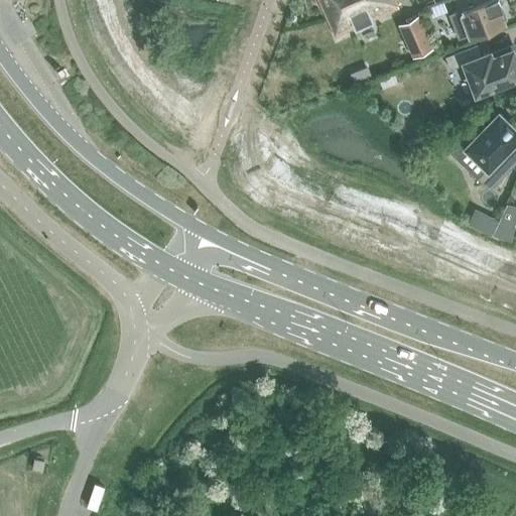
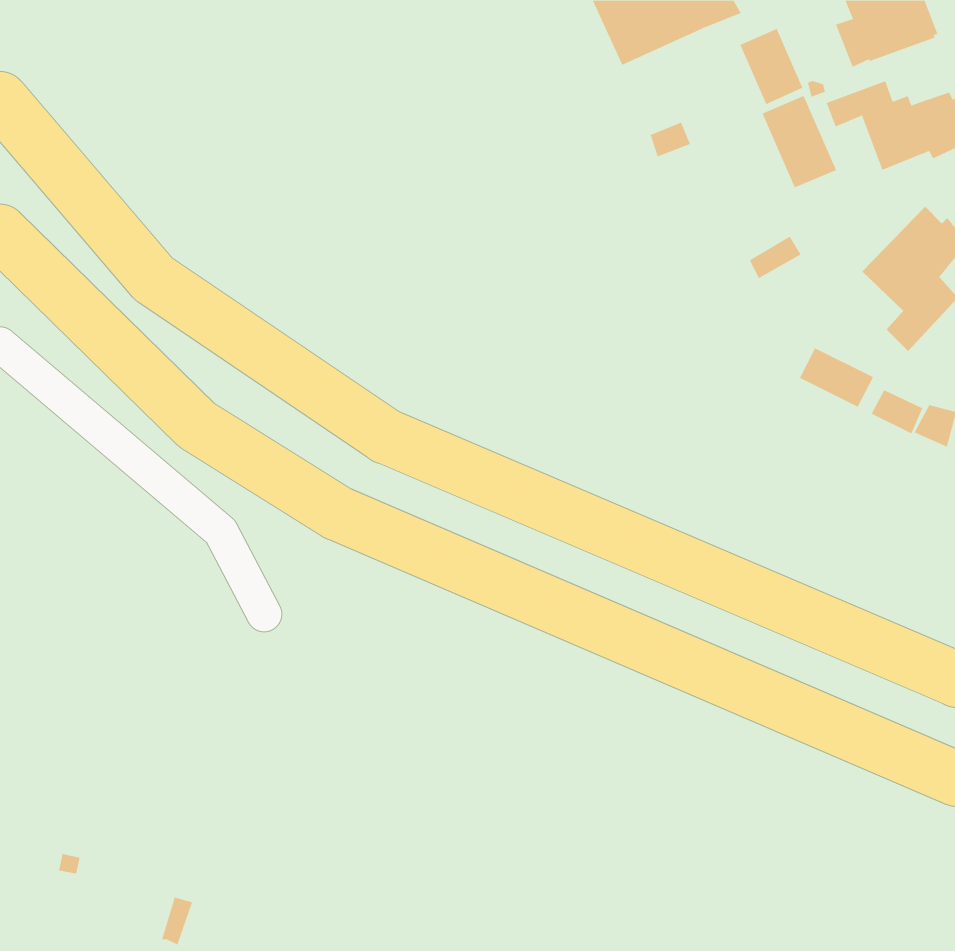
building: none -> [762,95,837,188]
building: none -> [799,347,874,407]

